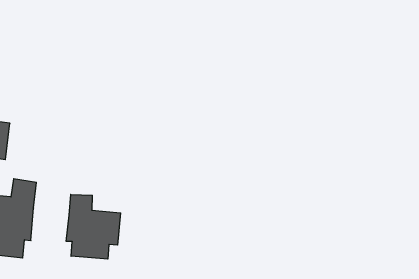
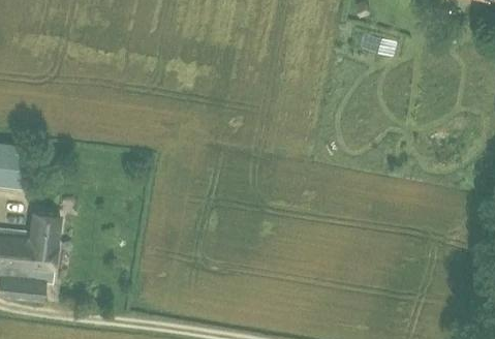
building: [66,194,121,259] -> none

